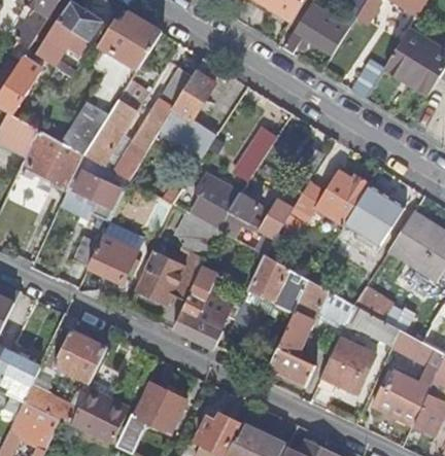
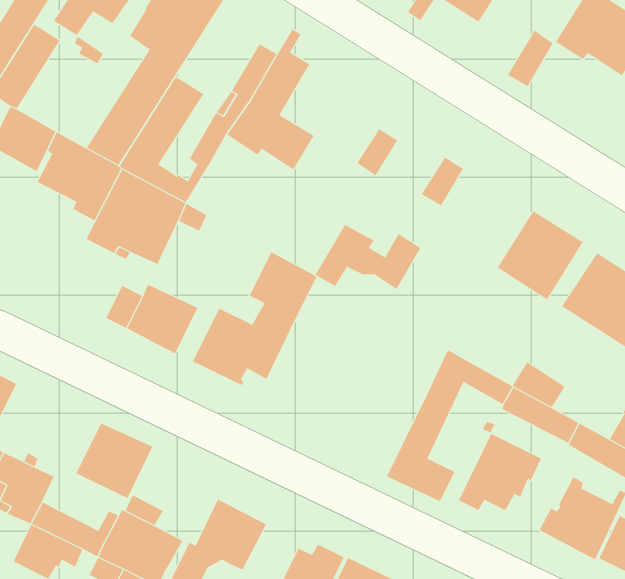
building: [289,170,369,222] -> none
building: [190,173,239,227] -> none
building: [231,255,310,331] -> none
building: [172,257,227,347] -> none

